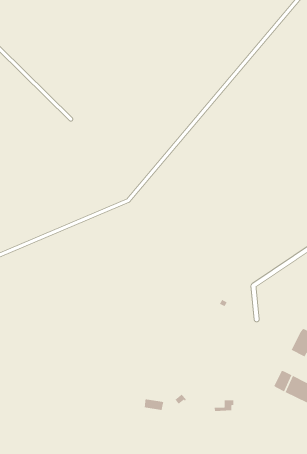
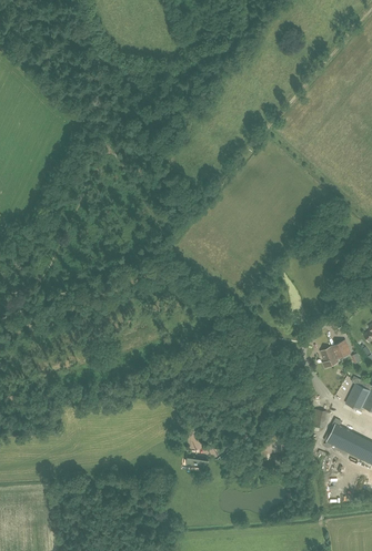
building: none -> [319,339,350,367]

